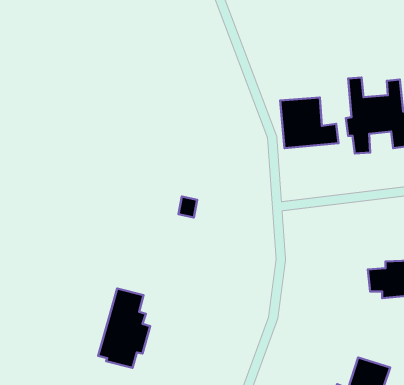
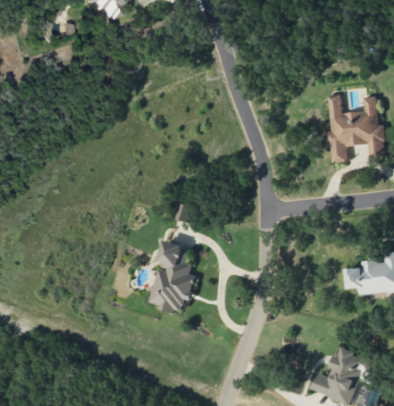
building: [280,97,339,148] -> none
building: [98,289,150,368] -> [149,241,196,313]

